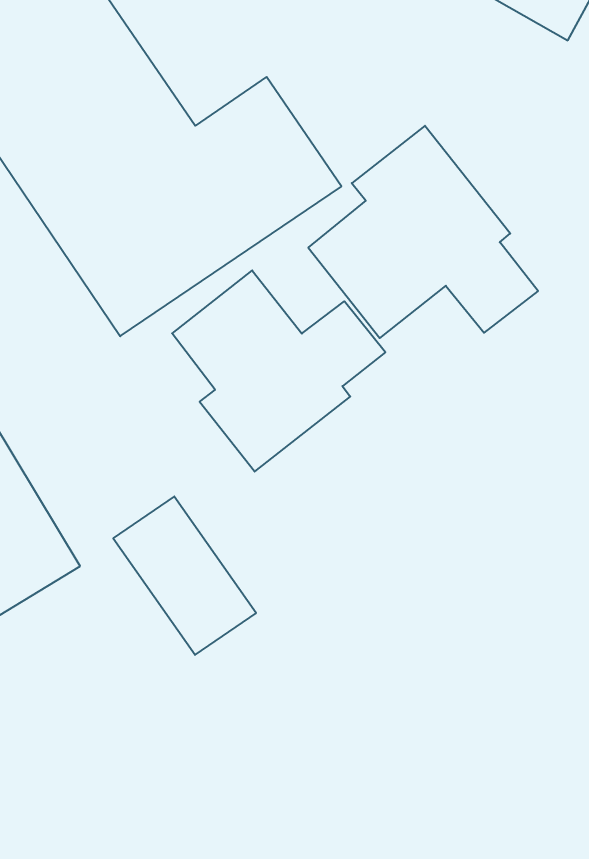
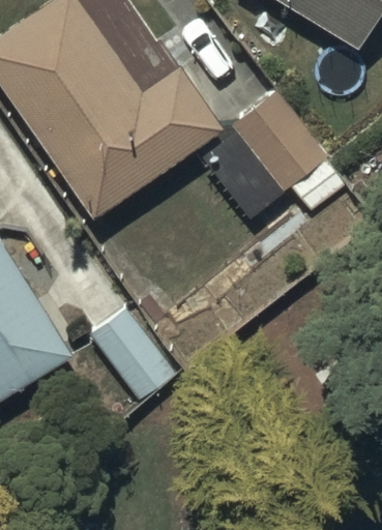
building: [172,270,385,472] -> none

